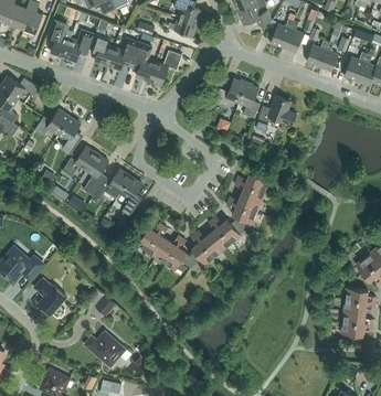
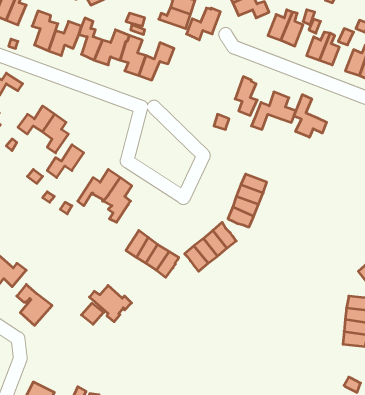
building: [215,78,247,108] -> [186,8,220,40]
building: none -> [294,95,327,137]
building: [84,153,108,195] -> none
building: [87,333,127,367] -> [89,285,132,322]

